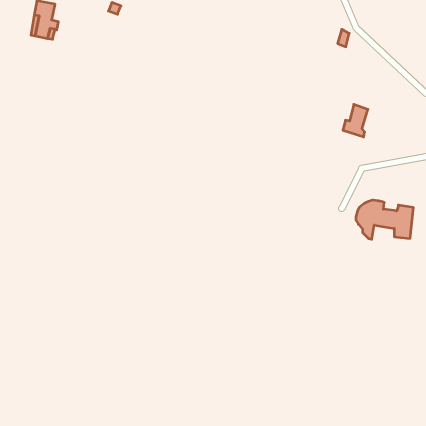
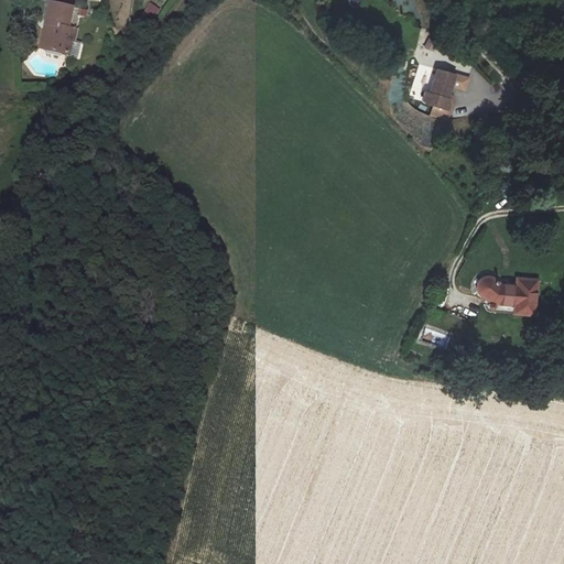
building: [343,104,368,137] -> [421,73,454,116]

